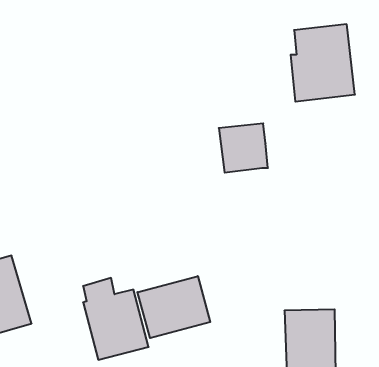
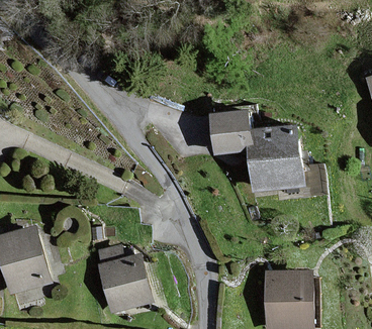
building: [291,24,355,102] -> [251,123,306,190]
building: [137,276,210,338] -> none

